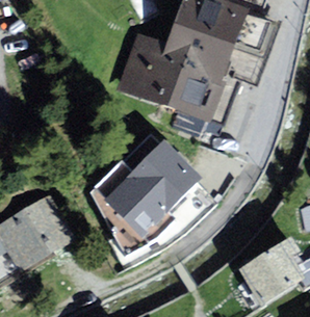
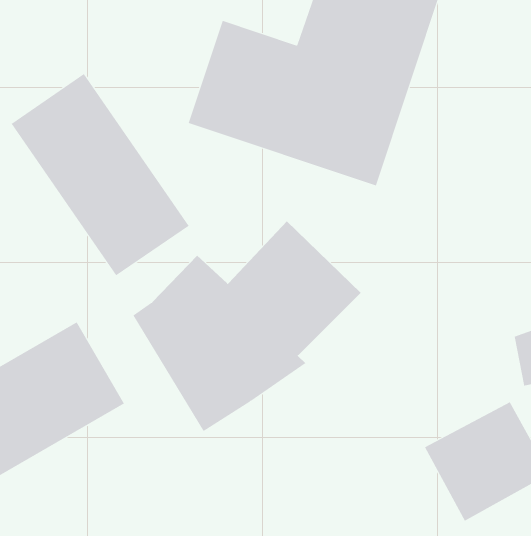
building: none -> [11,73,189,276]

